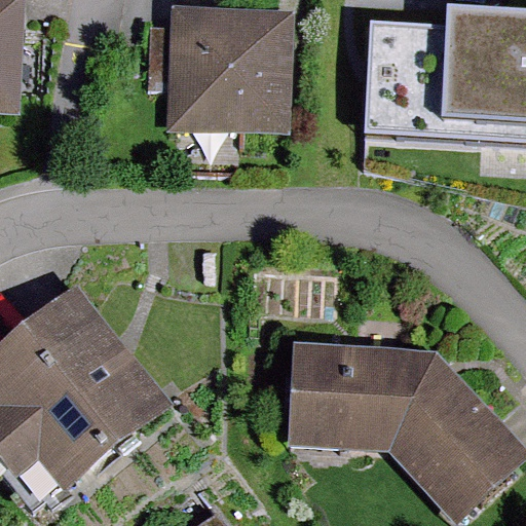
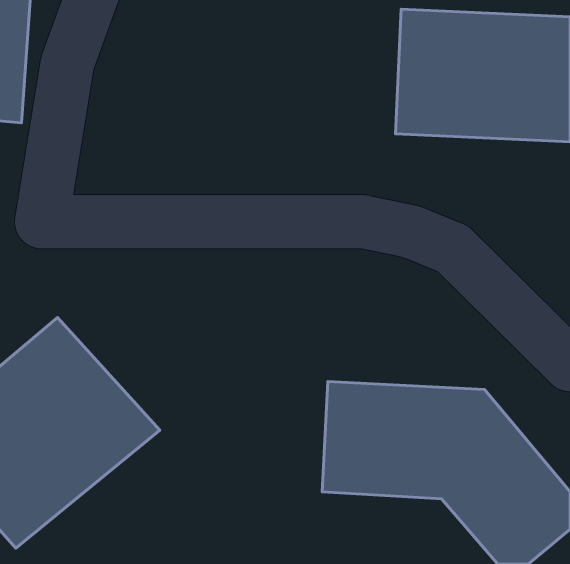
building: [173,5,297,125] -> none

